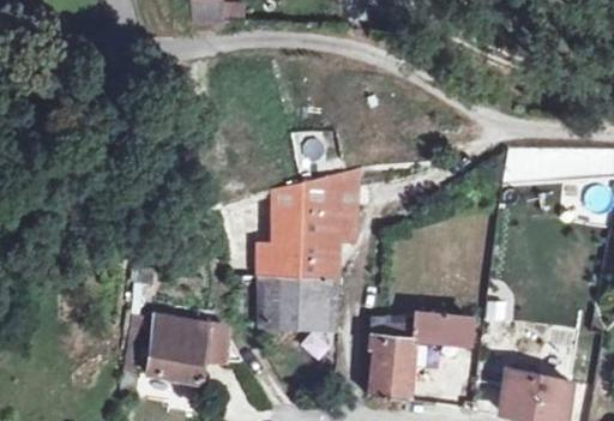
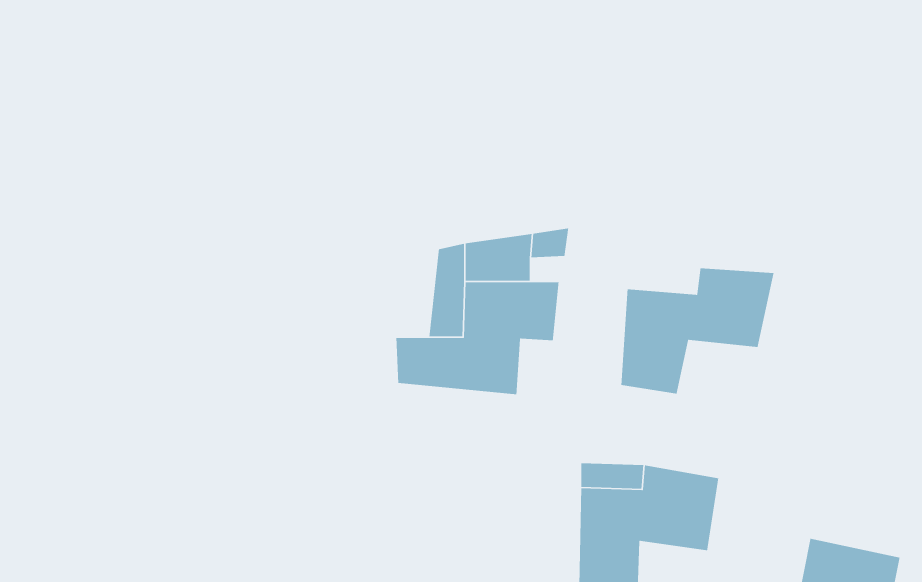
building: none -> [620,268,775,394]
building: [258,273,332,326] -> none
building: [143,301,248,375] -> none

